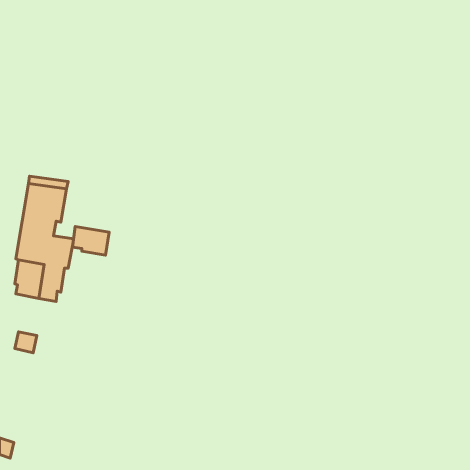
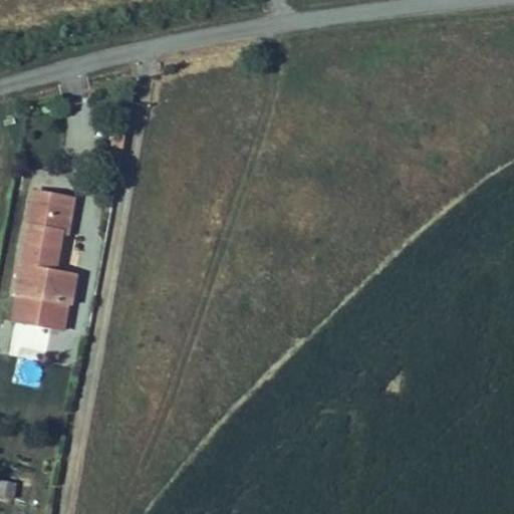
building: [73,227,109,255] -> none

